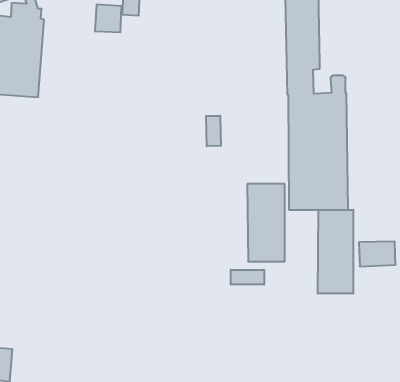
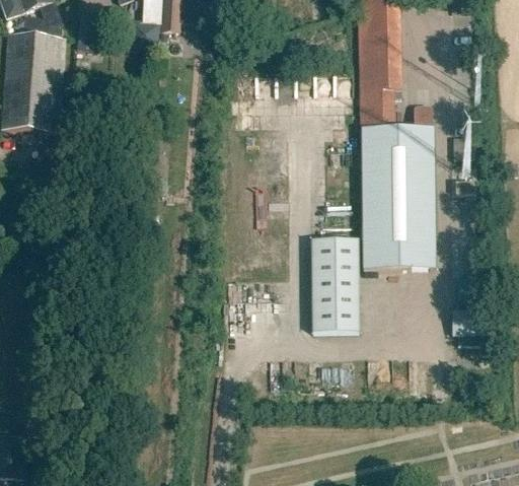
building: [206,116,221,146] -> none
building: [318,210,353,294] -> none
building: [231,270,264,285] -> none

